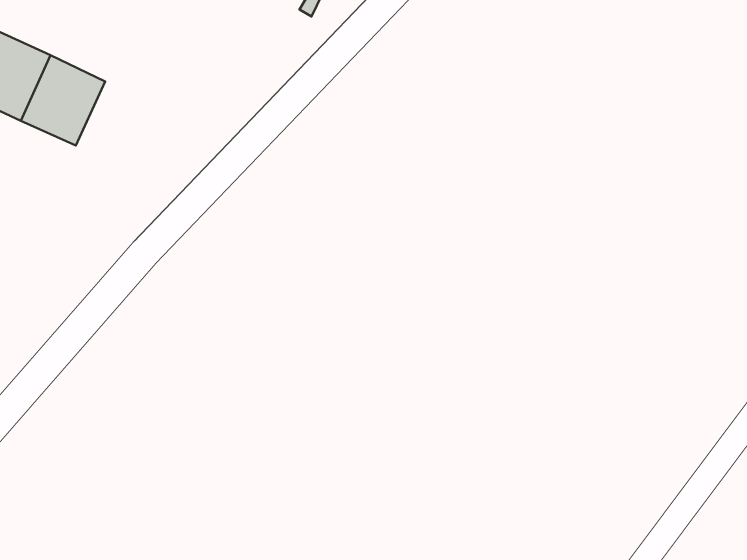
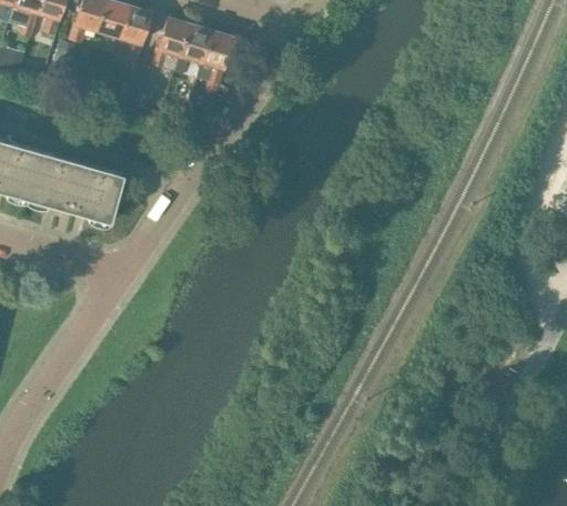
building: none -> [68,161,123,220]

